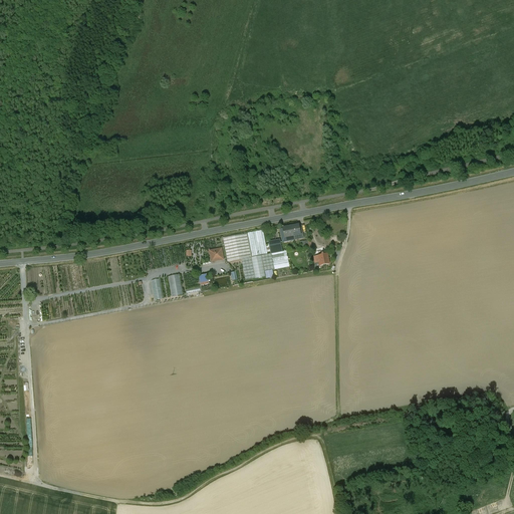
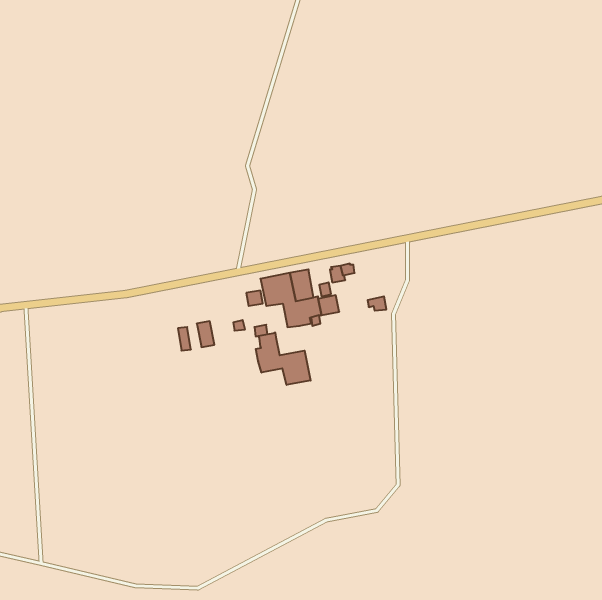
building: none -> [256,332,311,385]

